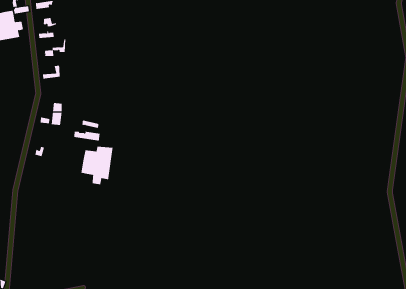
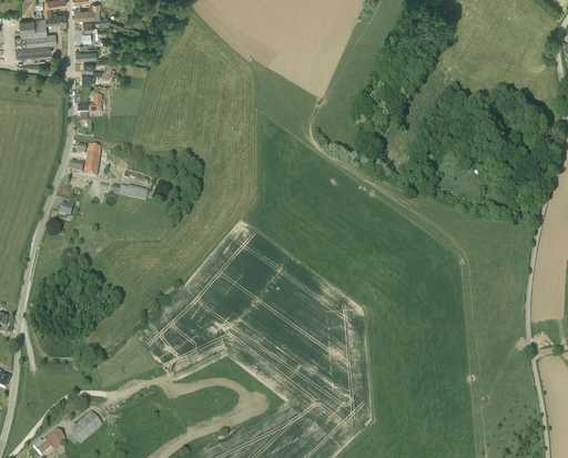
building: [81,146,113,185] -> none

